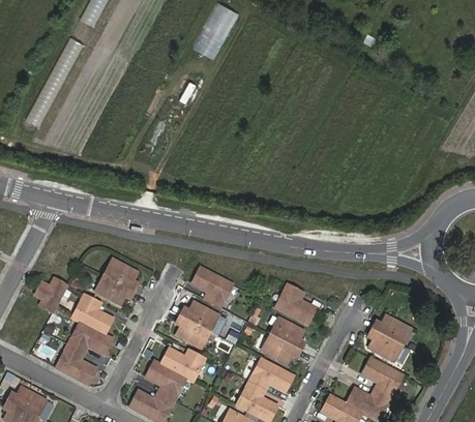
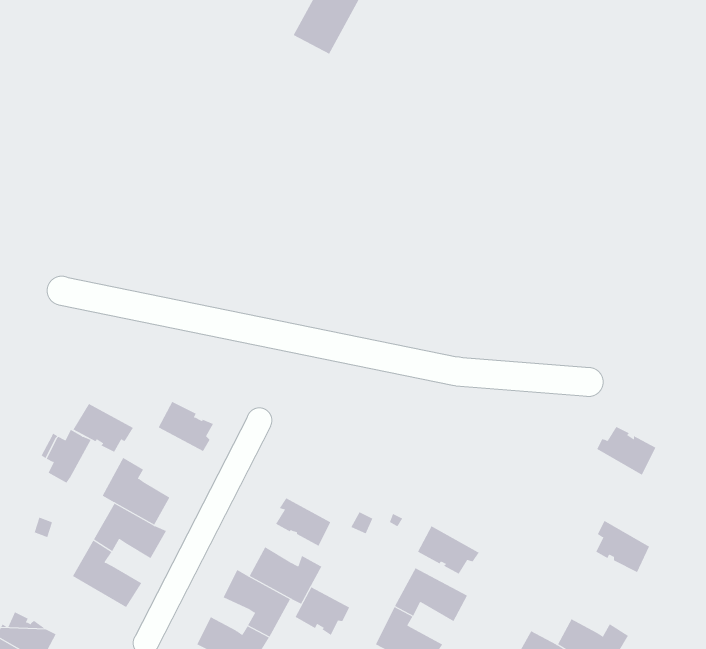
building: [192,268,233,308] -> none
building: [98,276,135,305] -> [73,403,134,452]
building: [274,285,316,326] -> none
building: [183,302,219,332] -> none
building: [372,318,407,346] -> [597,426,656,475]
building: [269,319,303,350] -> none
building: [359,359,398,399] -> none
building: none -> [295,587,350,636]

